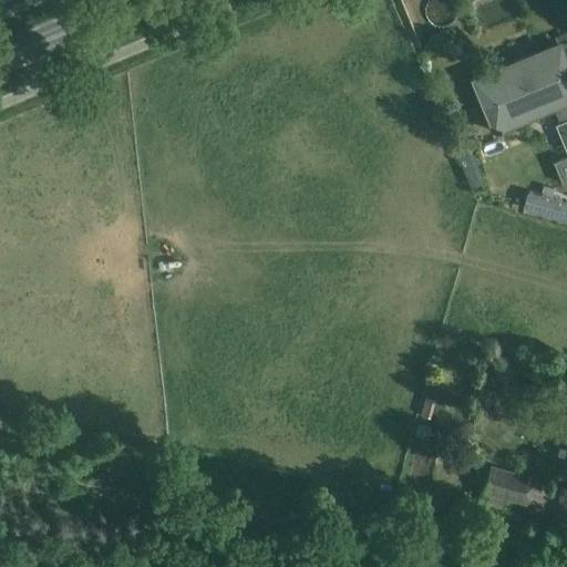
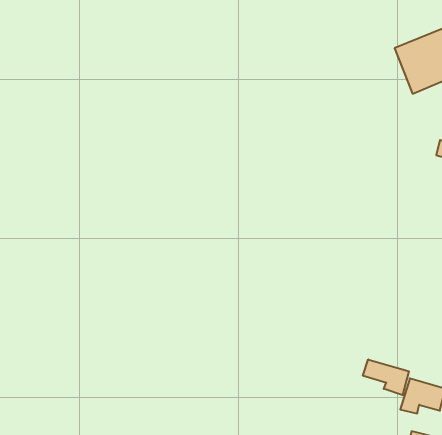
building: none -> [363,359,409,395]

